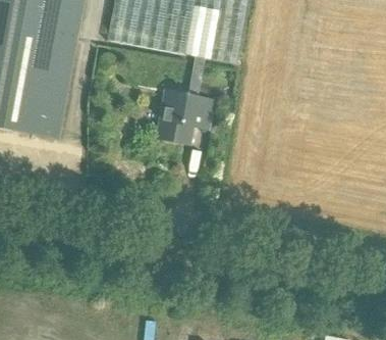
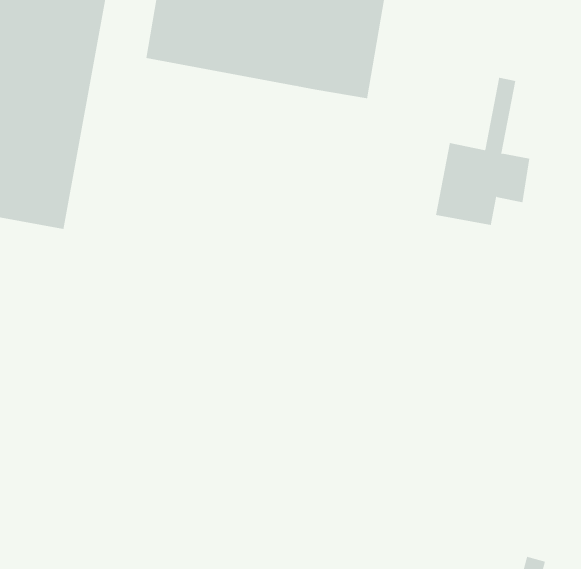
building: [158,54,213,140] -> [435,77,530,226]

